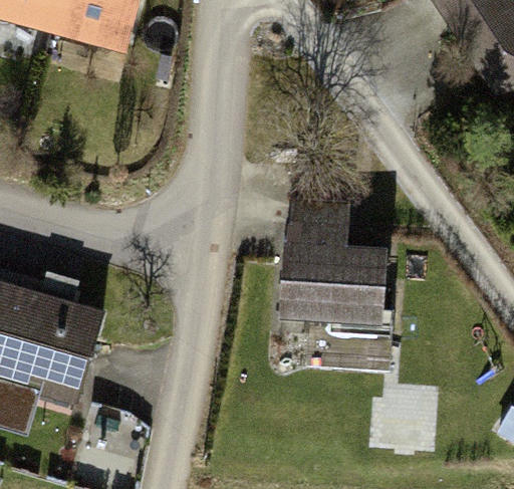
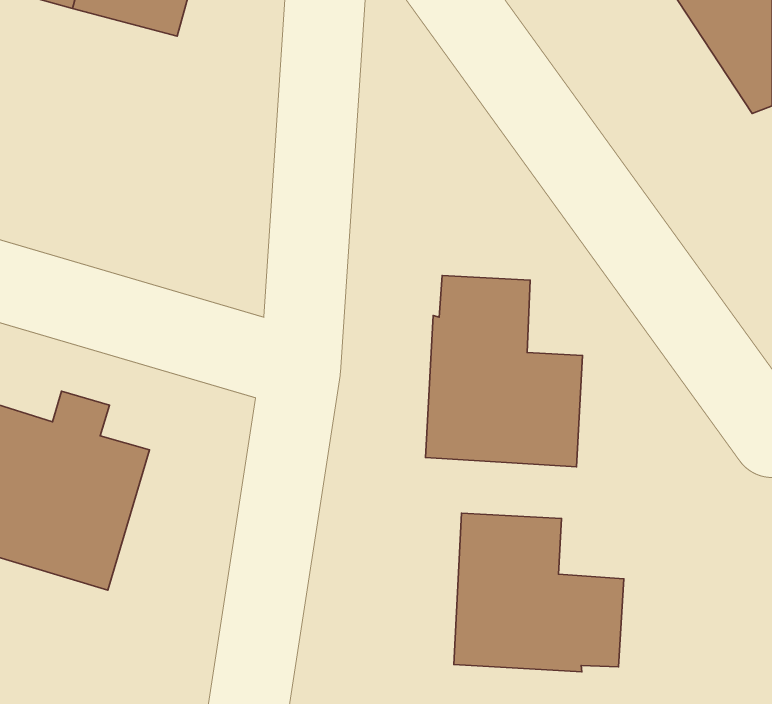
building: none -> [454,513,624,672]

